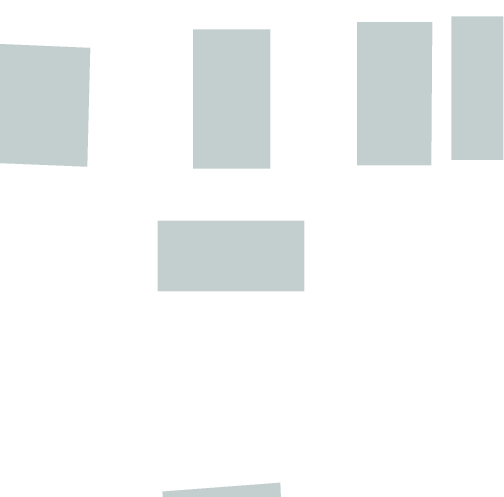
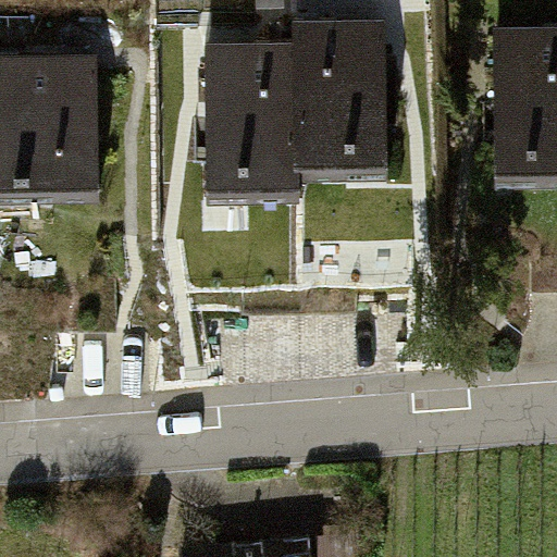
building: [356,21,433,166] -> [298,22,383,181]
building: [157,220,305,292] -> none

